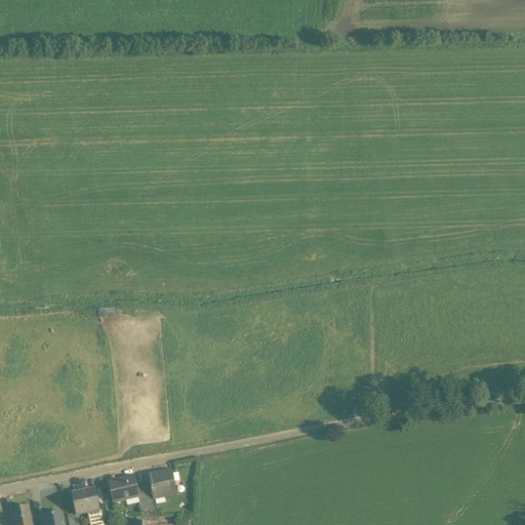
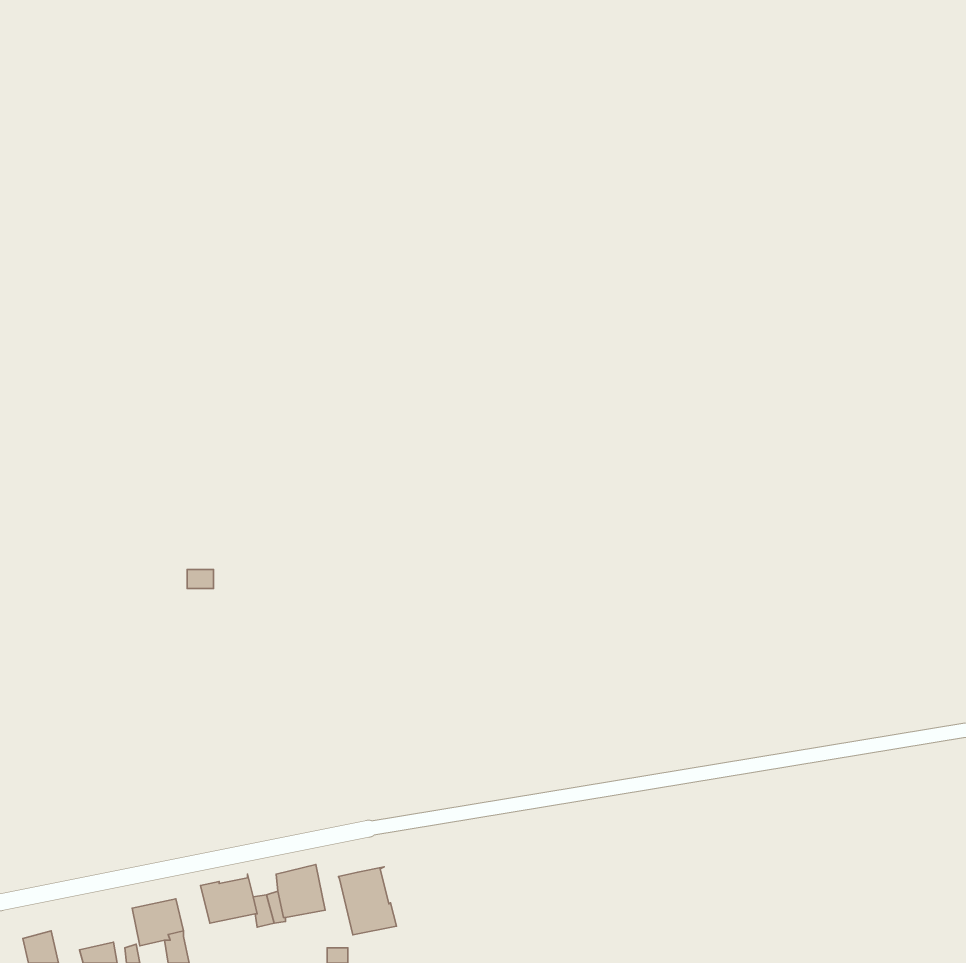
building: none -> [339,867,396,935]

